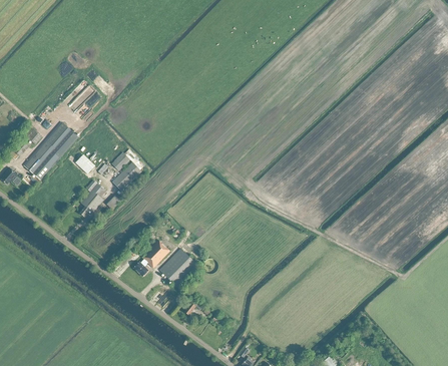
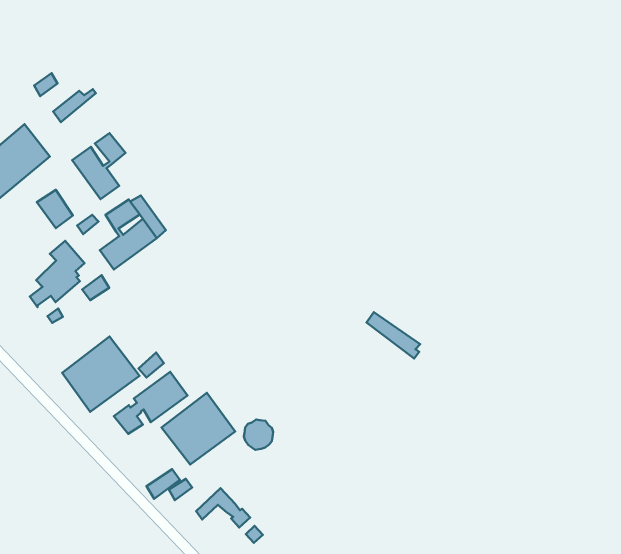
building: none -> [72,133,125,199]
building: none -> [62,337,139,412]

